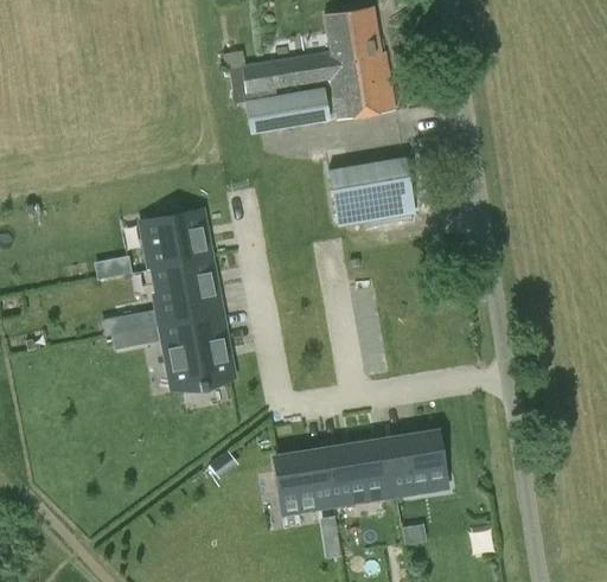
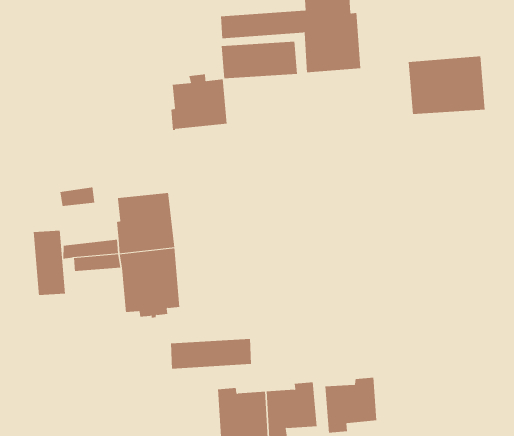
building: [330,156,415,224] -> [408,56,486,115]
building: [145,206,206,268] -> [171,74,227,130]
building: none -> [33,230,65,296]
building: none -> [171,338,251,369]

